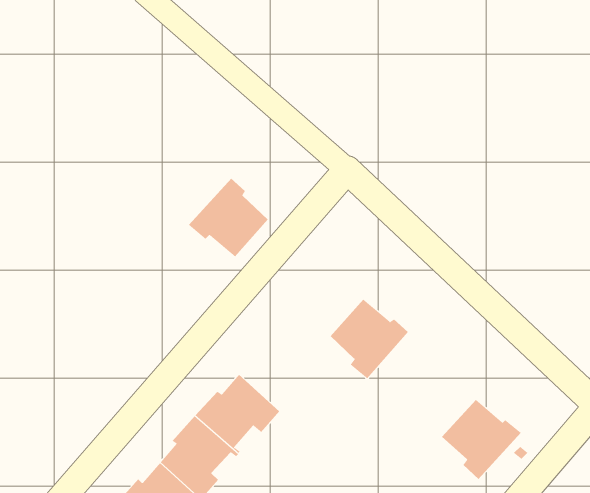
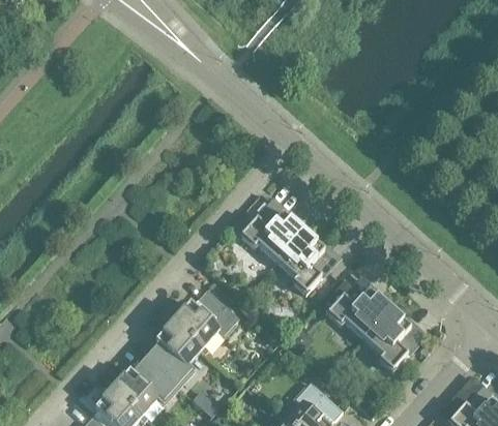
building: [188,178,269,257] -> [239,199,301,260]
building: none -> [326,276,388,337]

